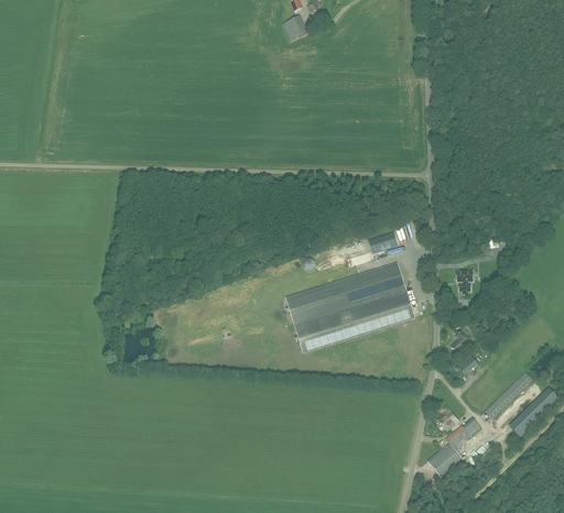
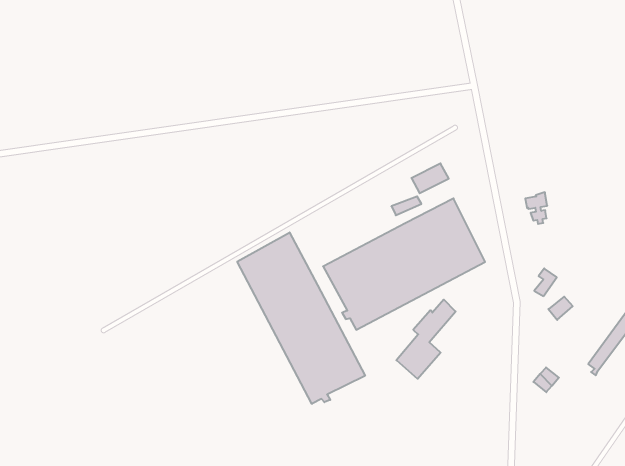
building: none -> [237,232,365,404]
building: [427,417,481,477] -> [396,300,456,379]

